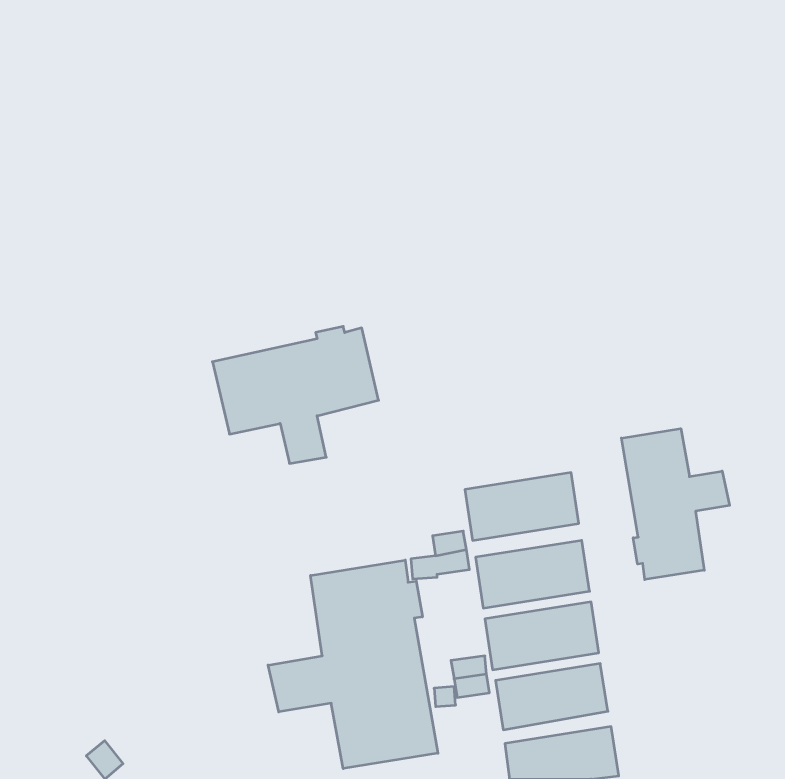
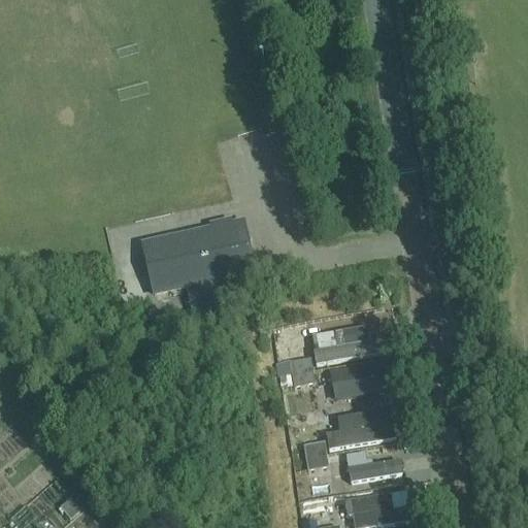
building: [621,429,730,580] -> none
building: [268,560,438,769] -> none

